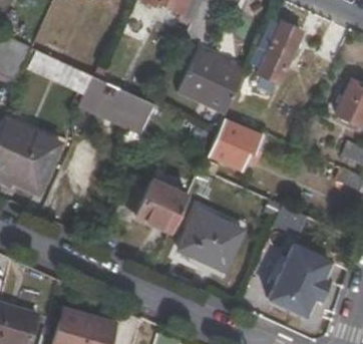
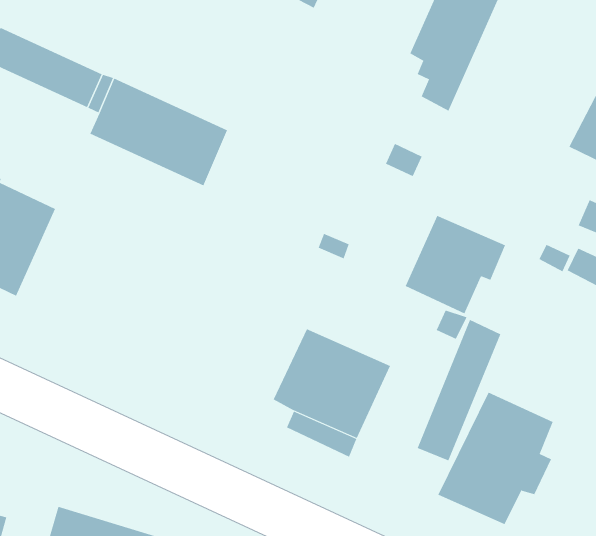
building: [176,49,245,113] -> none
building: [209,119,263,173] -> [405,215,506,314]
building: [136,181,188,232] -> none

